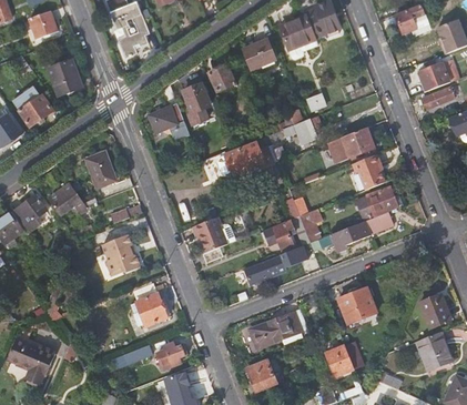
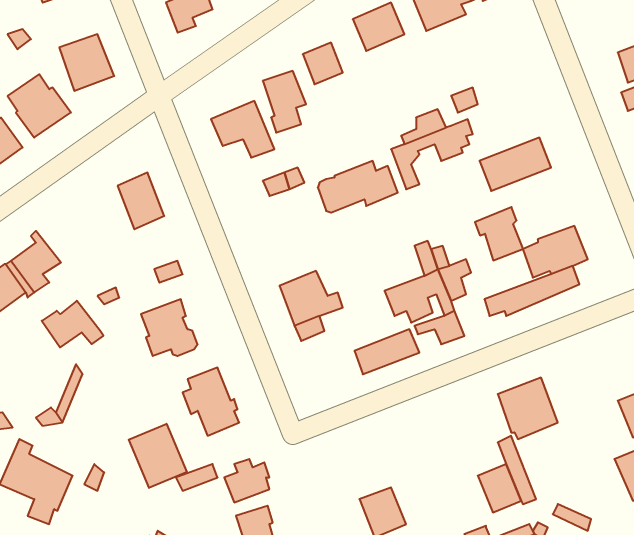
building: [353,154,385,190] -> [475,207,523,260]
building: [48,185,89,216] -> [42,301,103,347]
building: [250,312,301,346] -> none
building: none -> [129,424,187,488]

